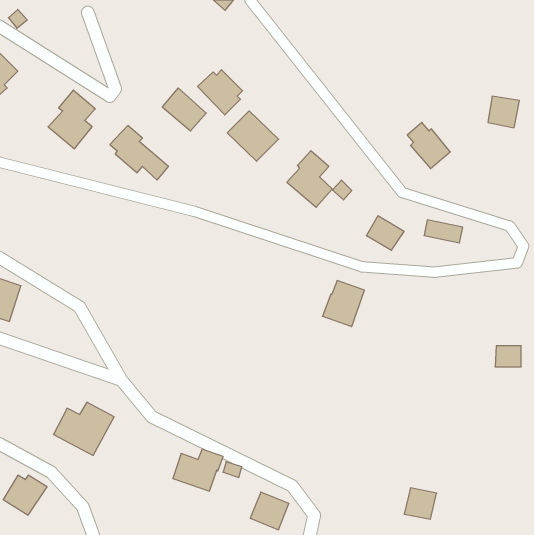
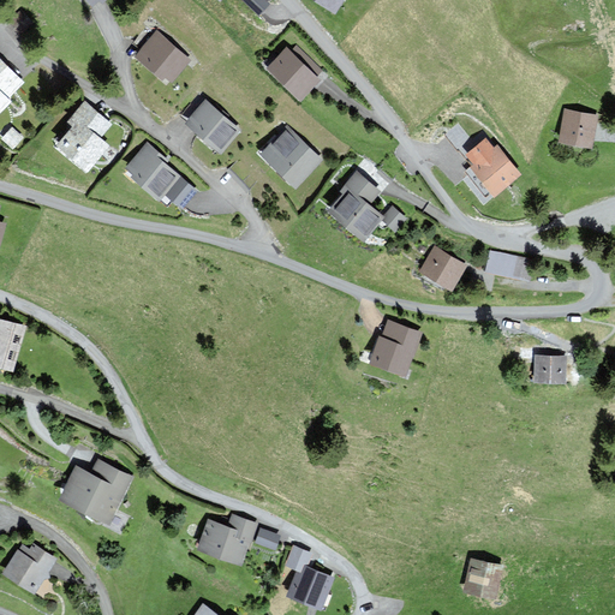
building: none -> [136,32,187,80]
building: [198,70,243,115] -> [268,47,320,98]
building: [495,346,521,367] -> [535,357,565,381]

